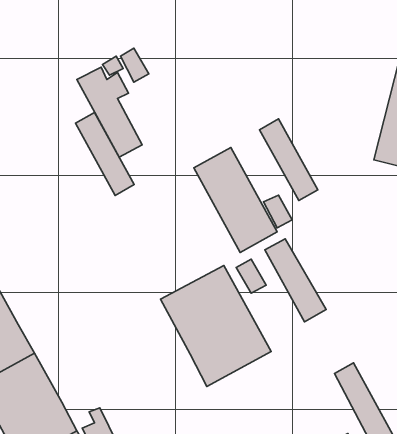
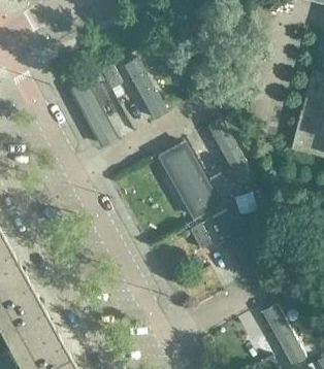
building: [76,112,134,196] -> [123,58,167,121]
building: [161,266,271,386] -> none

